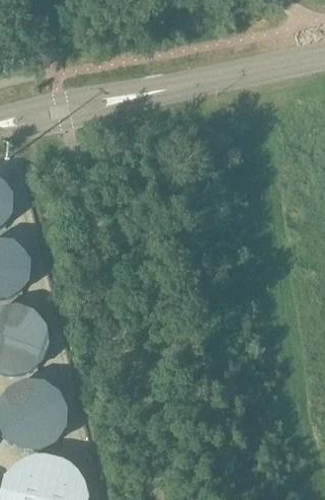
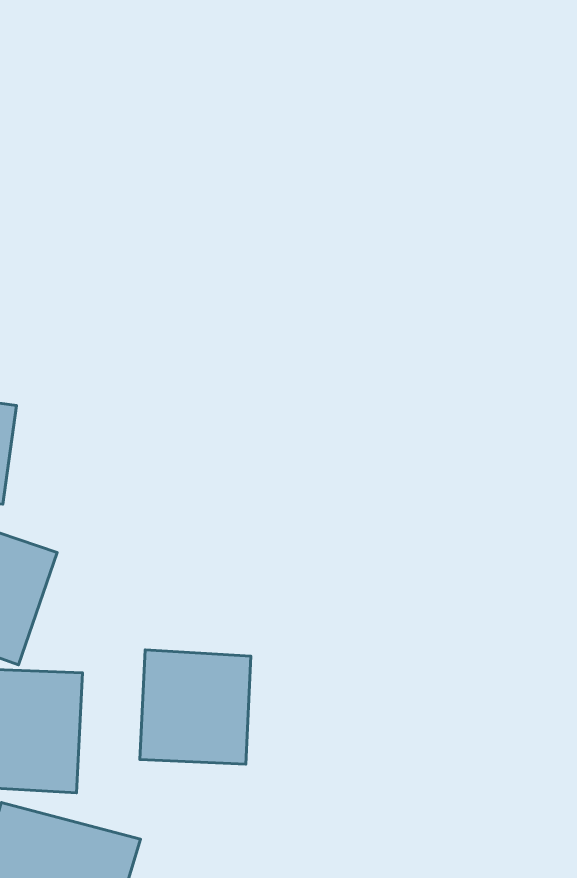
building: none -> [140,650,251,764]

